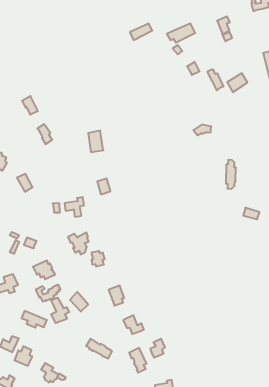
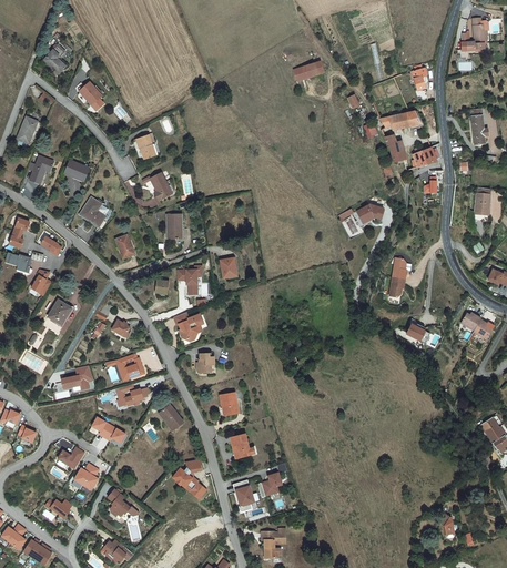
building: [167,24,195,43] -> [382,110,419,132]
building: [88,131,103,152] -> [165,213,182,240]
building: [51,298,69,323] -> none

